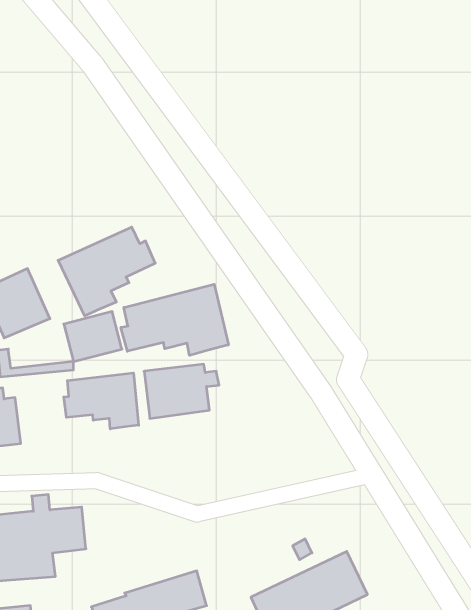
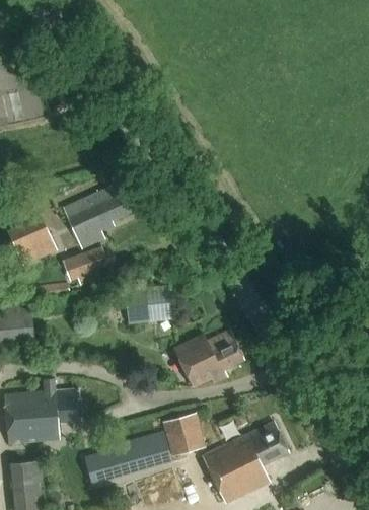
building: [121,284,228,355] -> none
building: [64,373,139,429] -> none
building: none -> [173,330,243,387]
building: none -> [162,413,205,456]

